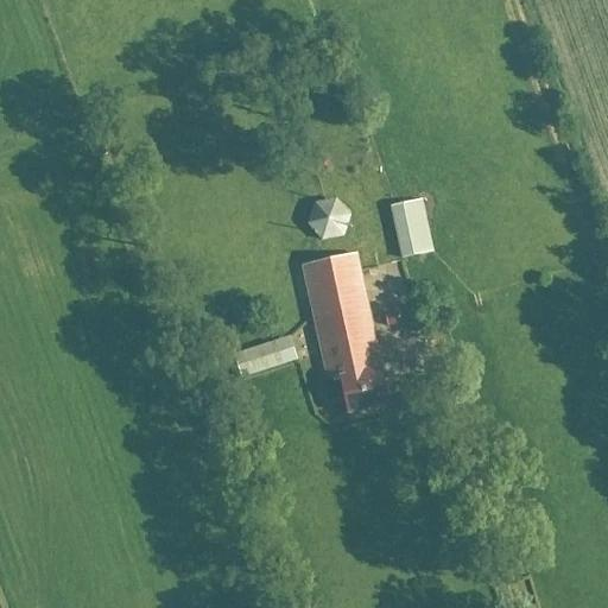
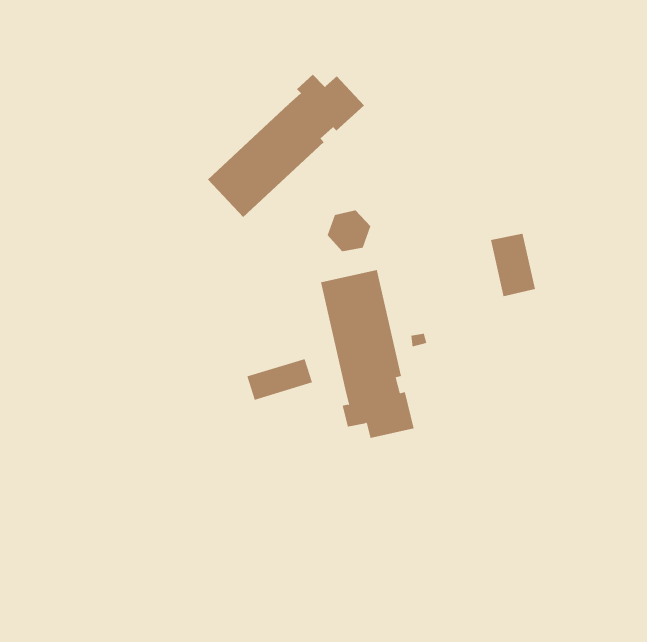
building: none -> [207,74,365,218]
building: [391,196,433,255] -> [490,233,536,297]

